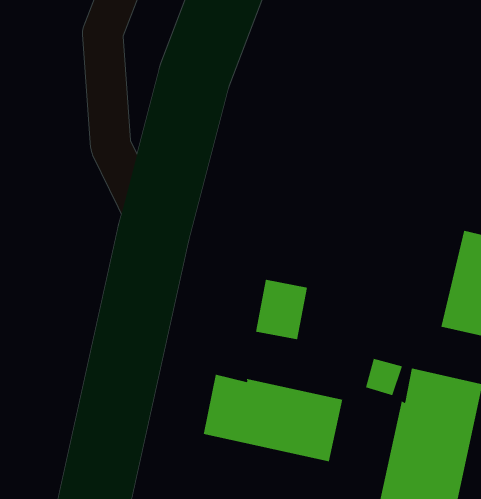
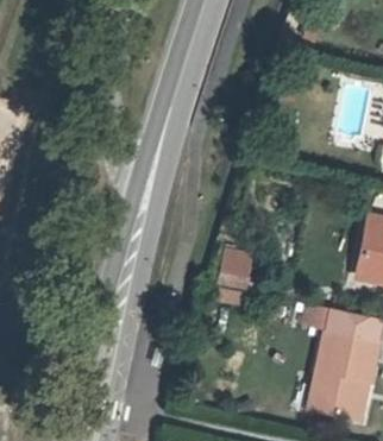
building: [203,374,343,462] -> none

